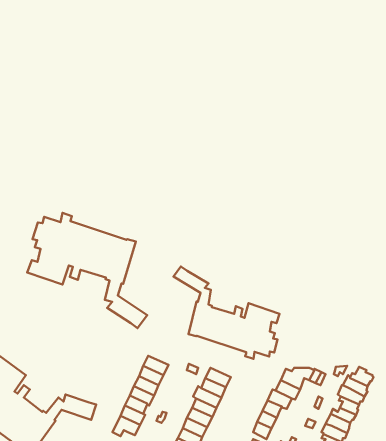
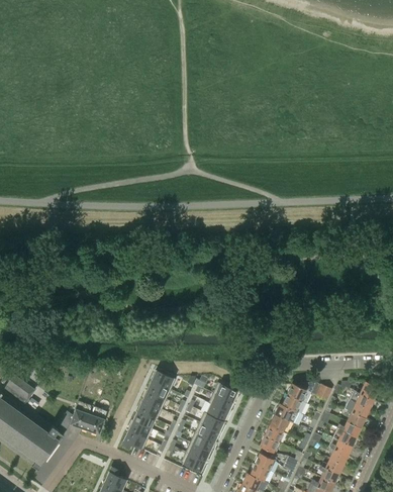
building: [27,213,147,328] -> none
building: [174,267,280,359] -> none

